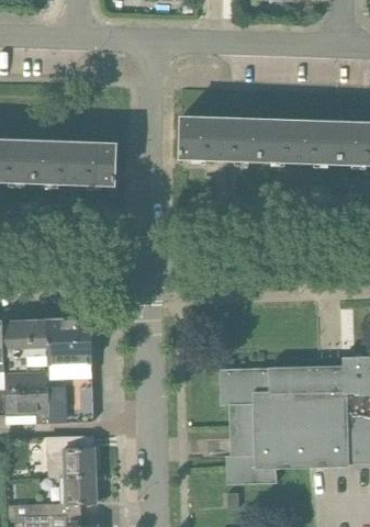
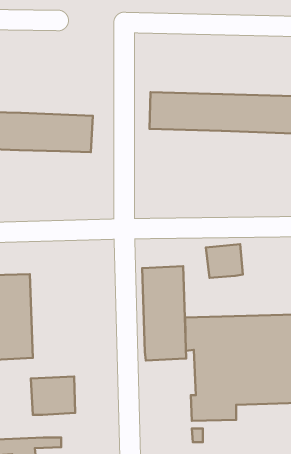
building: none -> [206,244,243,278]
building: [45,318,94,424] -> [142,266,186,361]
building: [59,475,97,503] -> none

